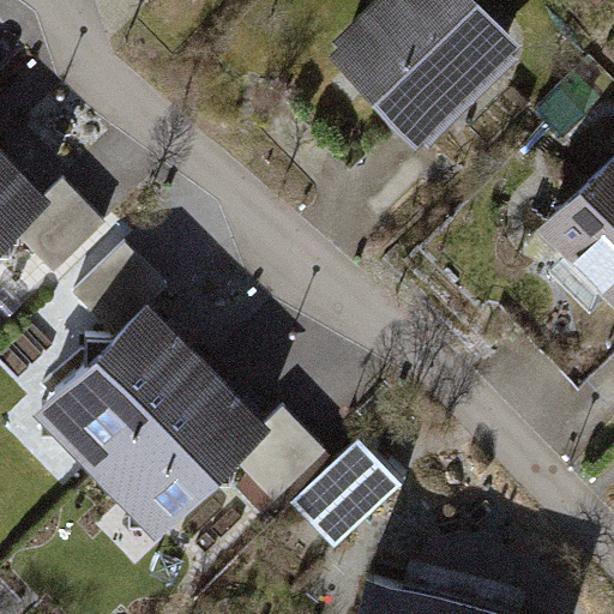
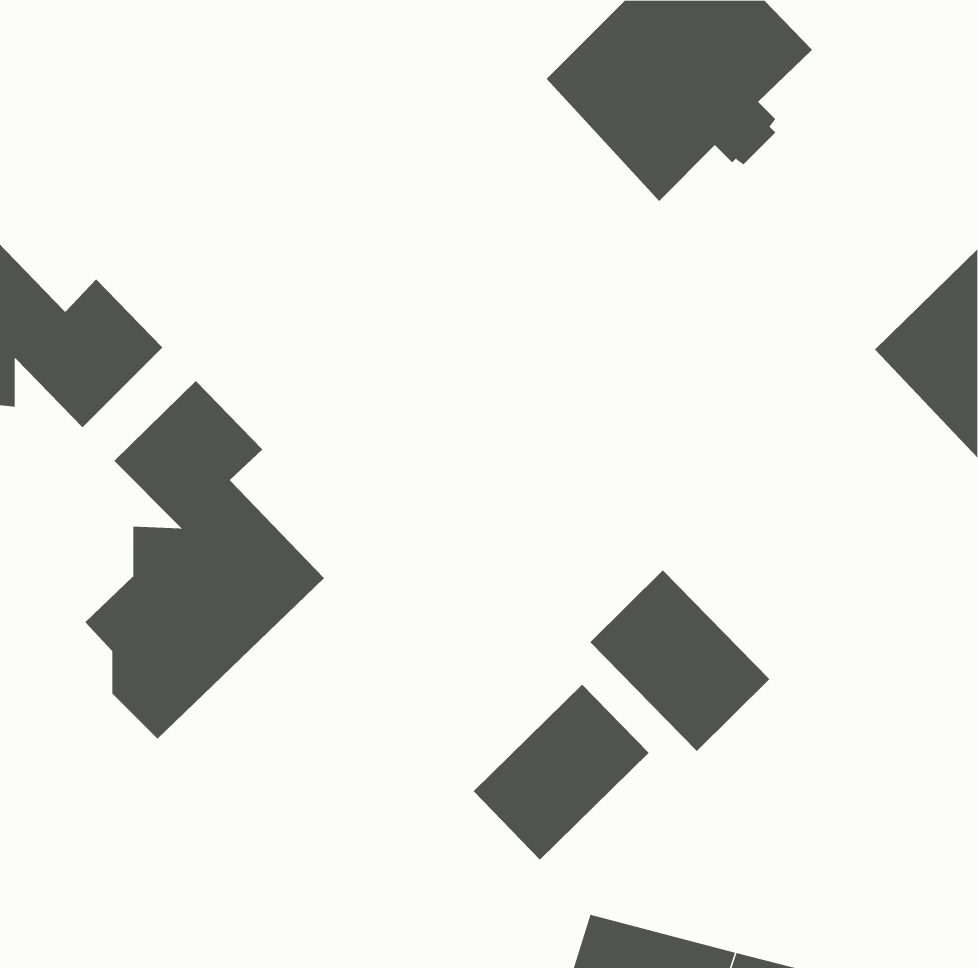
building: none -> [589,570,770,752]
building: [98,369,323,518] -> none

